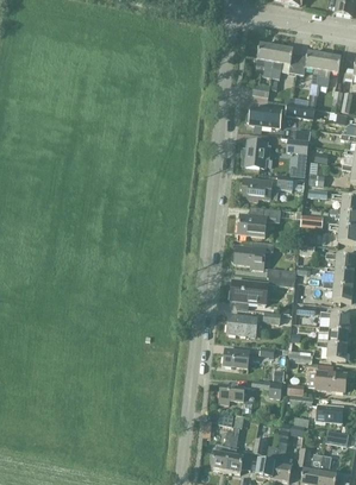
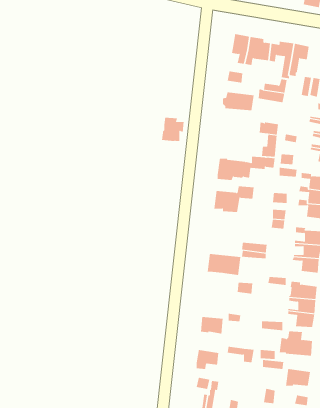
building: [245,140,270,166] -> [161,117,184,141]
building: [231,240,274,269] -> none
building: [226,313,257,335] -> none

